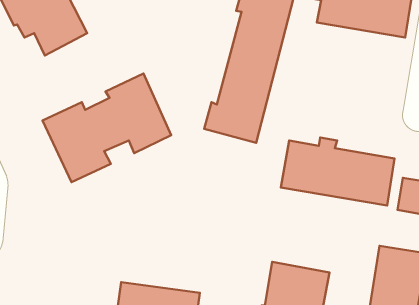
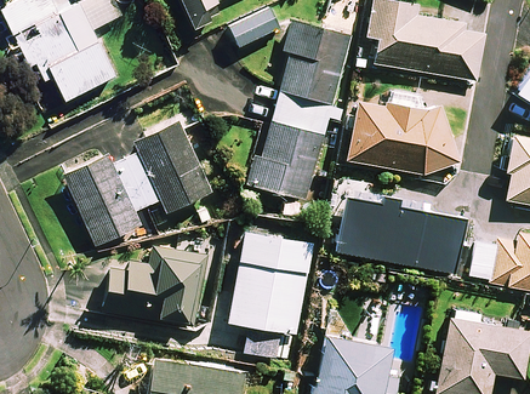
building: none -> [348,102,458,173]
building: none -> [228,218,314,360]
building: none -> [102,247,206,324]

